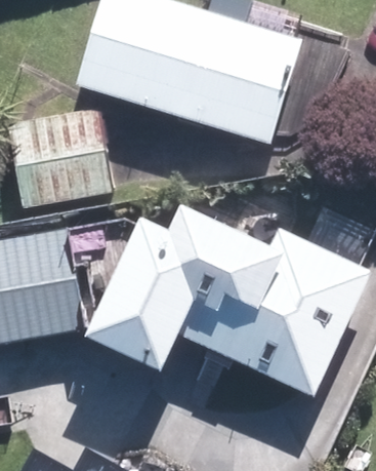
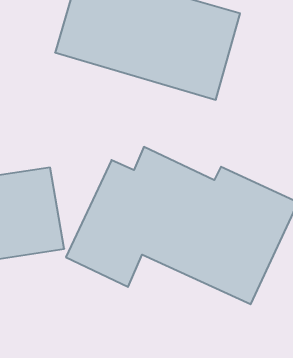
building: [9,106,113,206] -> none

